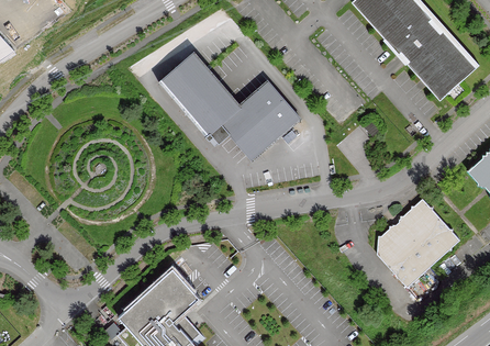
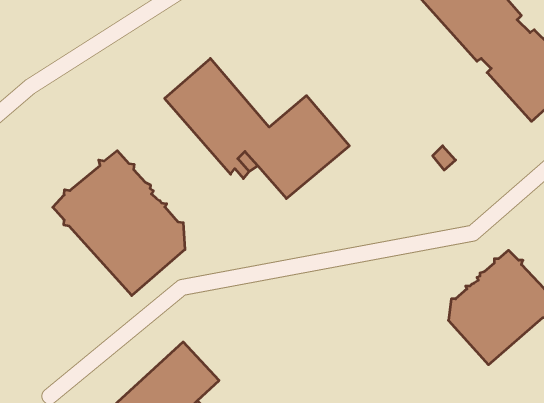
building: none -> [53,151,185,296]

